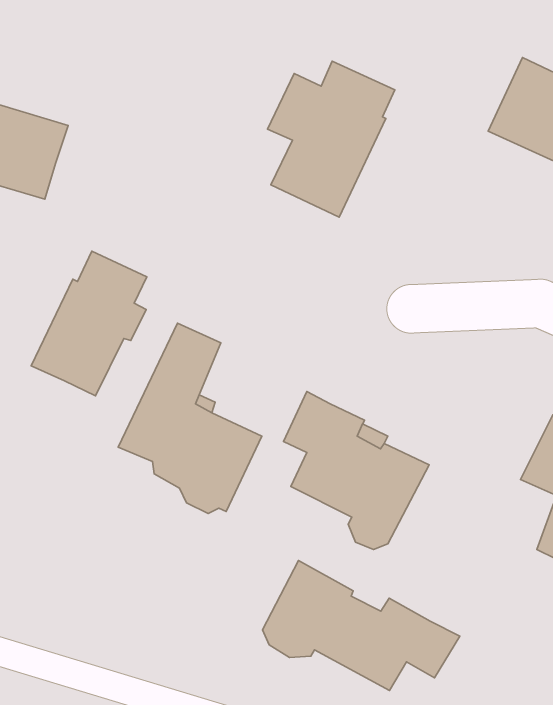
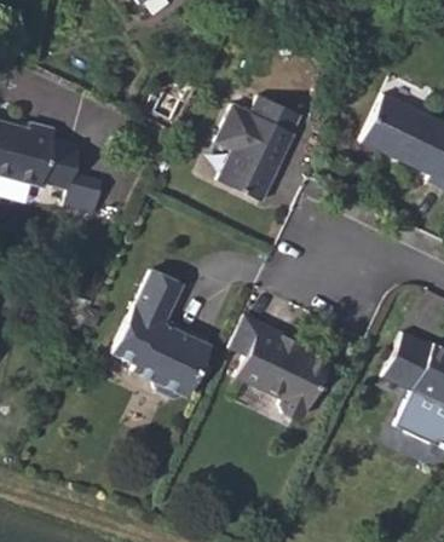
building: none -> [62,165,102,211]
building: [31,251,147,396] -> none
building: [262,561,460,690] -> none

